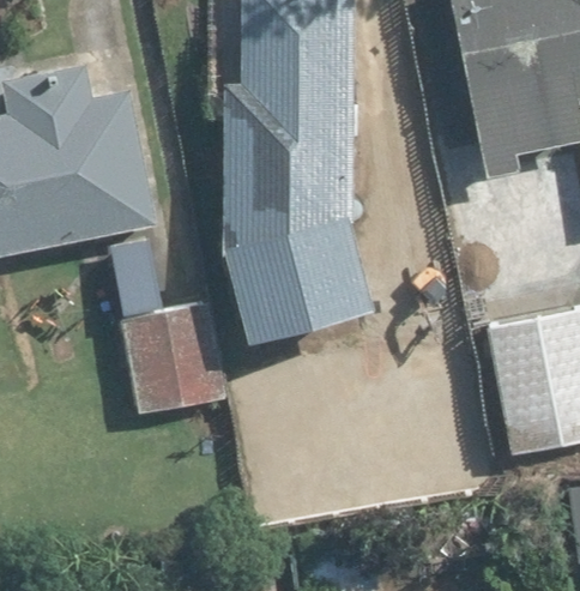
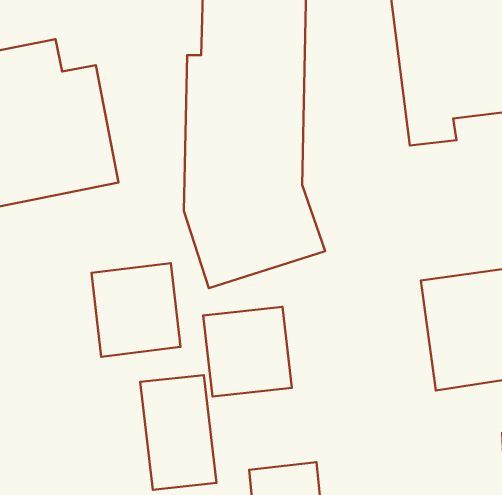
building: none -> [203,307,292,396]
building: none -> [140,375,217,490]

